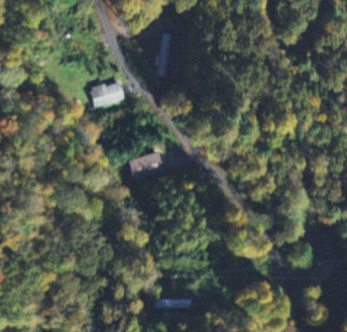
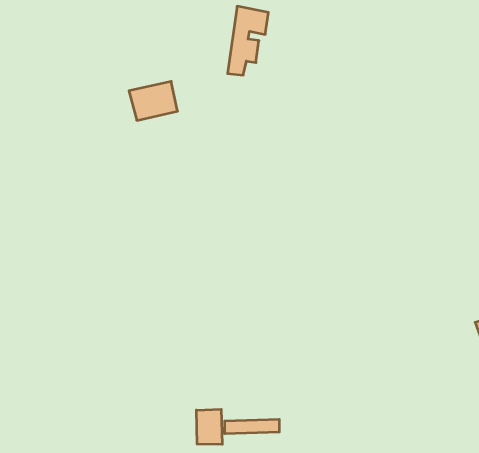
building: [128,152,162,180] -> none
building: none -> [196,409,222,444]

